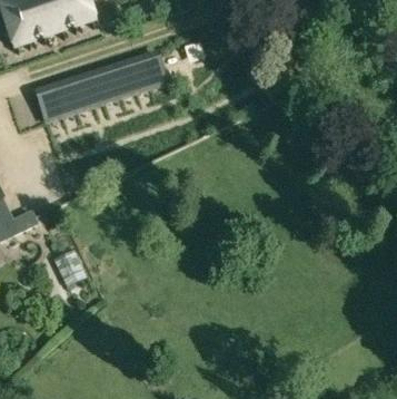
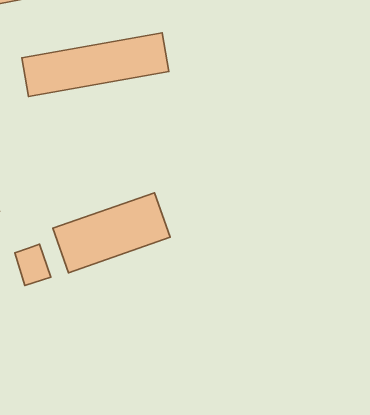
building: none -> [53,193,170,273]

